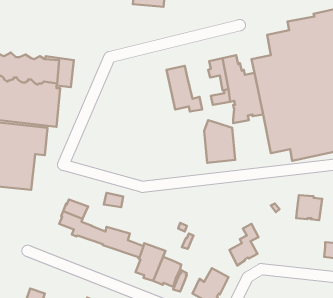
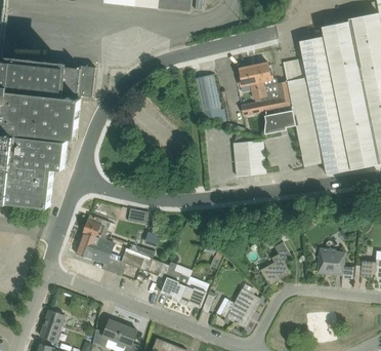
building: [296,195,322,220] -> [318,247,345,274]
building: none -> [76,241,126,275]

